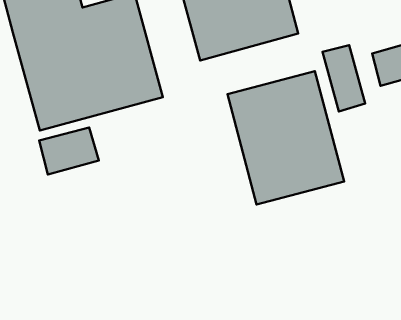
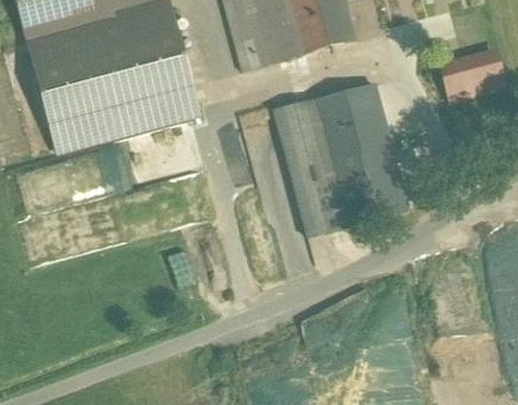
building: [323,45,365,111] -> none
building: [39,127,99,174] -> none

